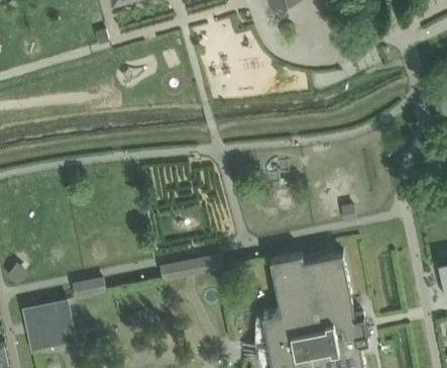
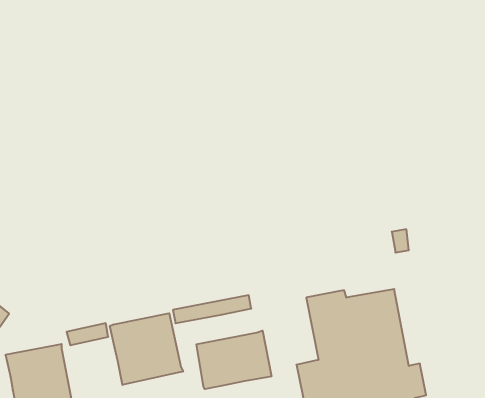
building: none -> [110,313,183,385]
building: none -> [196,331,271,389]

